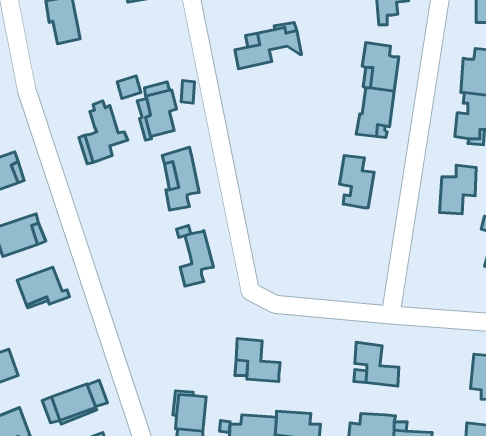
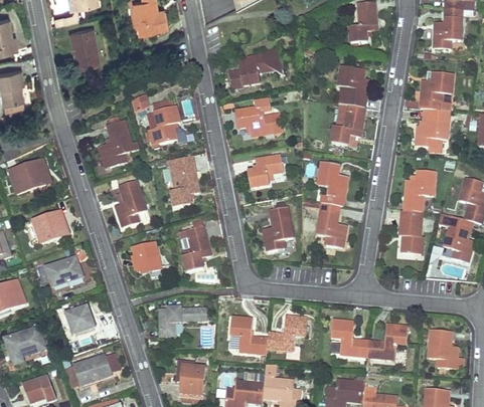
building: none -> [236,98,282,135]
building: none -> [249,155,283,187]
building: none -> [116,179,146,226]
building: none -> [317,202,346,246]
building: none -> [264,205,293,250]
building: none -> [401,209,423,253]
building: none -> [133,241,163,278]
building: none -> [66,304,96,334]
building: none -> [159,306,206,336]
building: none -> [267,316,307,350]
building: none -> [367,324,408,358]

